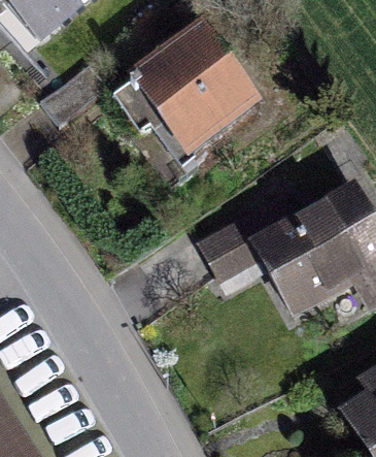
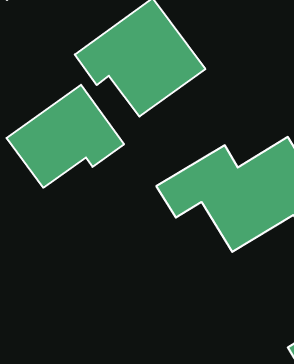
building: none -> [6,85,124,188]

